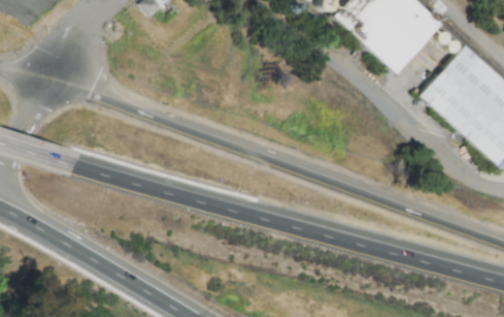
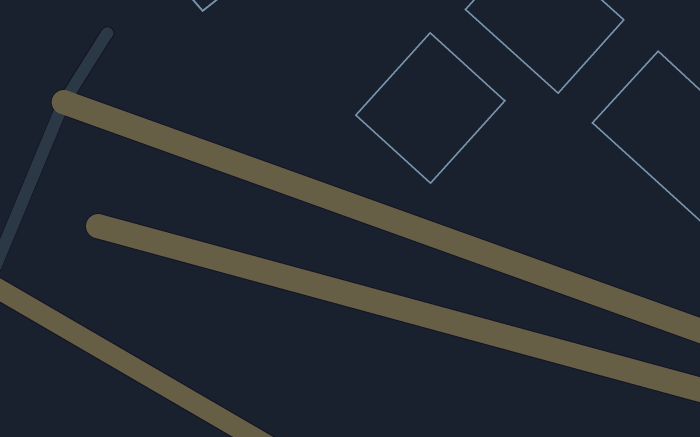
building: none -> [356,33,505,183]

